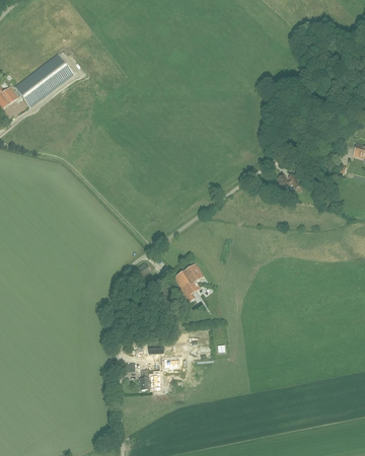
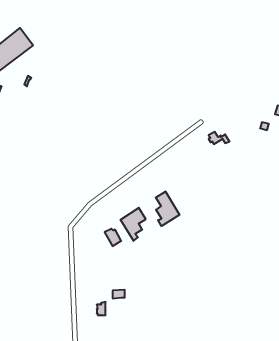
building: none -> [156,191,179,226]

